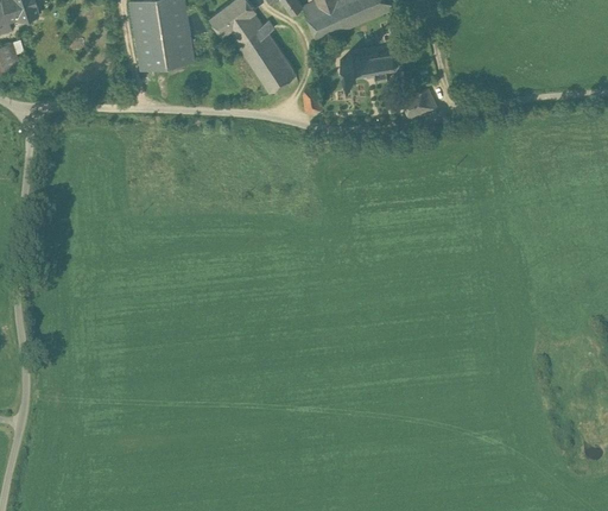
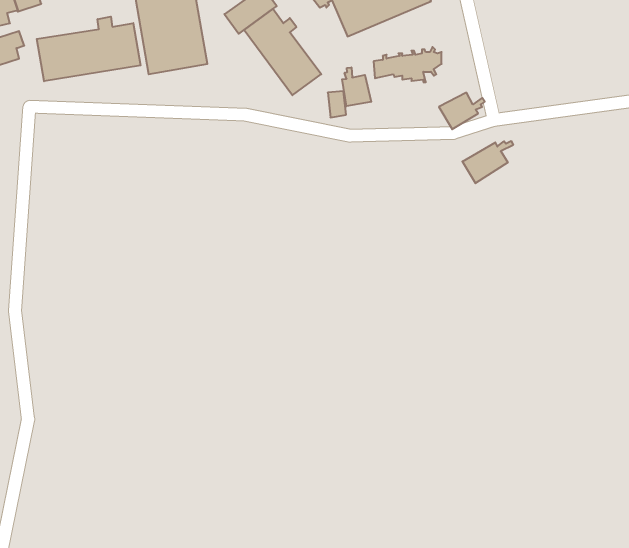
building: none -> [37,17,141,81]
building: none -> [342,67,371,106]
building: none -> [462,141,513,183]

